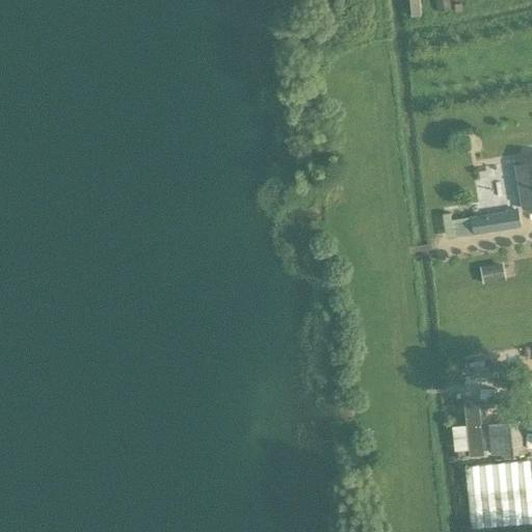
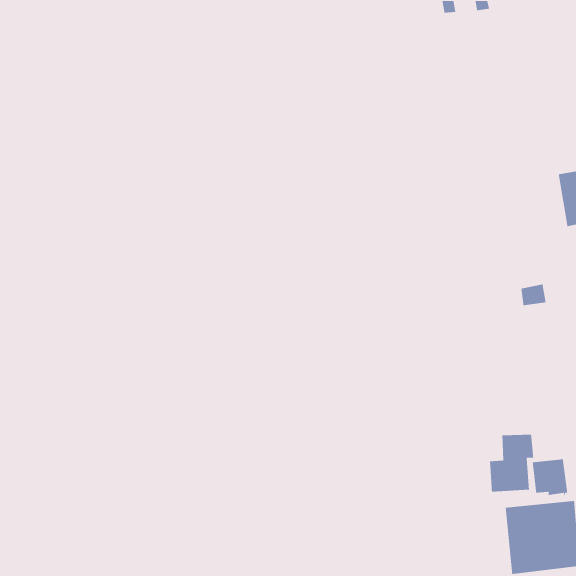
building: [472,211,521,235] -> none

